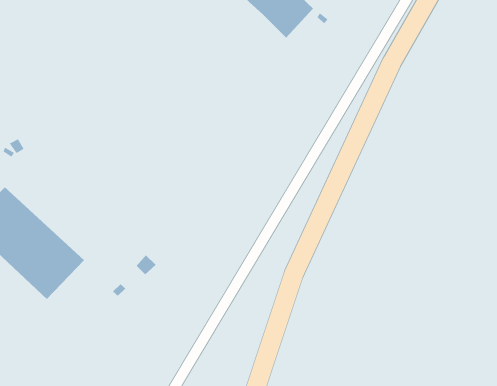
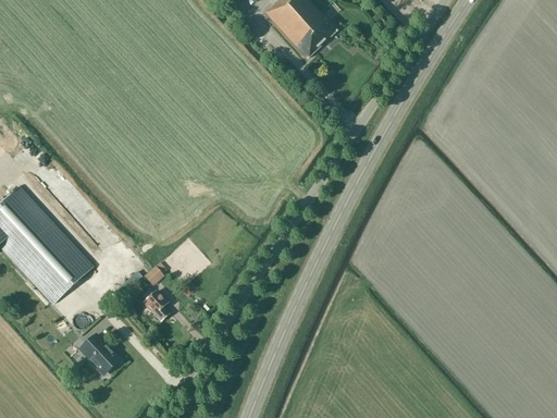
building: none -> [144,288,170,320]
building: none -> [81,333,117,371]

